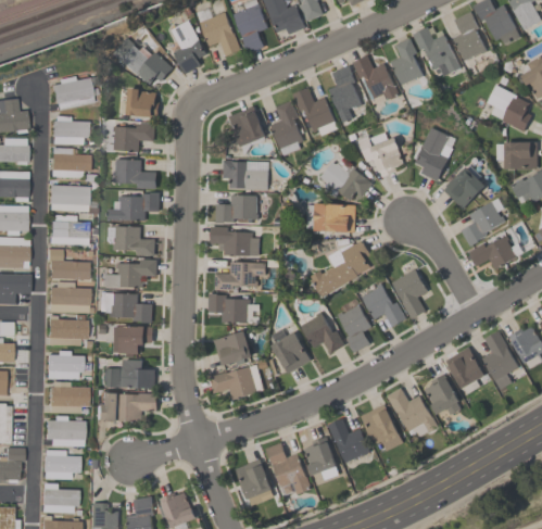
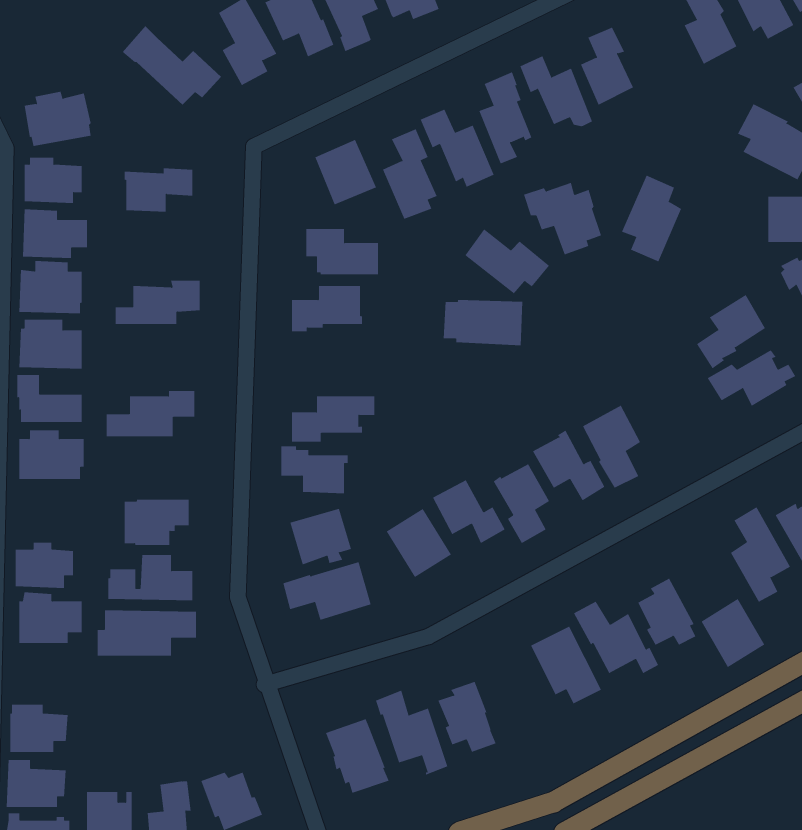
building: [413,26,461,76] -> none
building: [127,89,159,117] -> none
building: [113,159,156,188] -> none
building: [443,167,486,209] -> none
building: [113,226,155,256] -> none
building: [211,228,260,256] -> none
building: [311,240,371,298] -> none
building: [100,293,153,323] -> none
building: [48,317,87,347] -> none
building: [446,347,486,389] -> [701,598,765,668]
building: [46,417,84,448] -> none
building: [328,418,370,463] -> none

